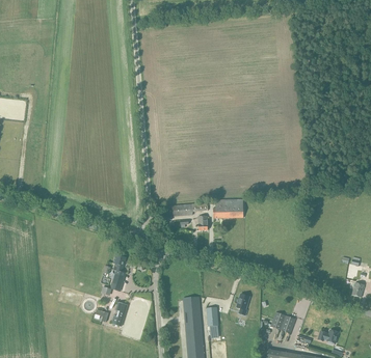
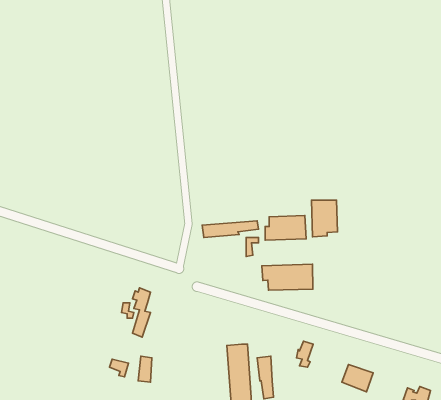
building: none -> [311,200,337,237]
building: none -> [262,264,313,290]

